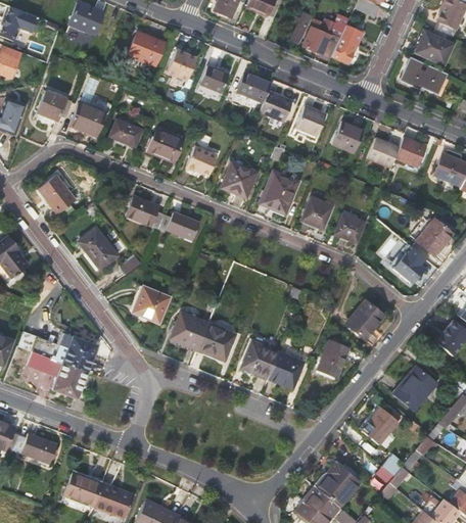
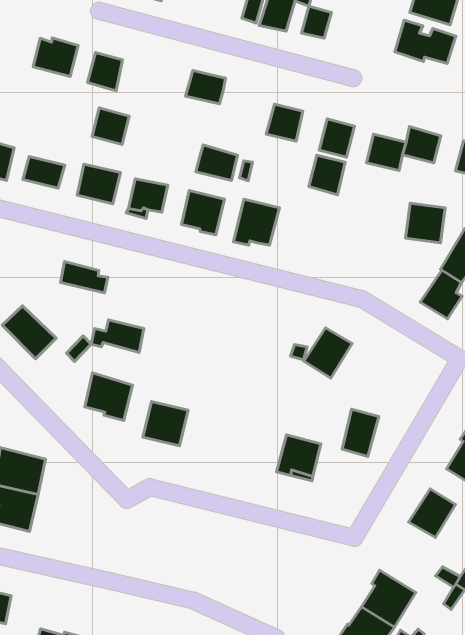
building: [201,62,231,92] -> [92,108,129,145]
building: [260,91,292,121] -> [196,145,237,181]
building: [301,198,331,230] -> [309,155,345,195]
building: [334,209,367,242] -> [405,203,445,243]
building: [158,212,199,240] -> [91,320,144,353]
building: [347,302,385,340] -> [304,328,352,378]
building: [198,325,235,362] -> none
building: [242,342,279,380] -> none

